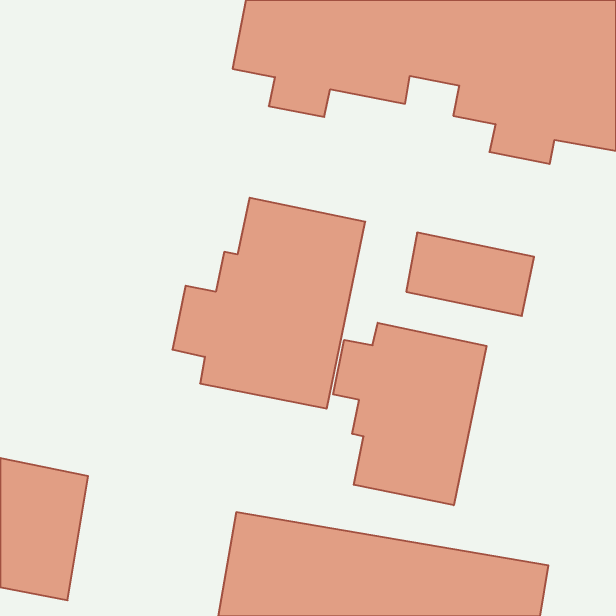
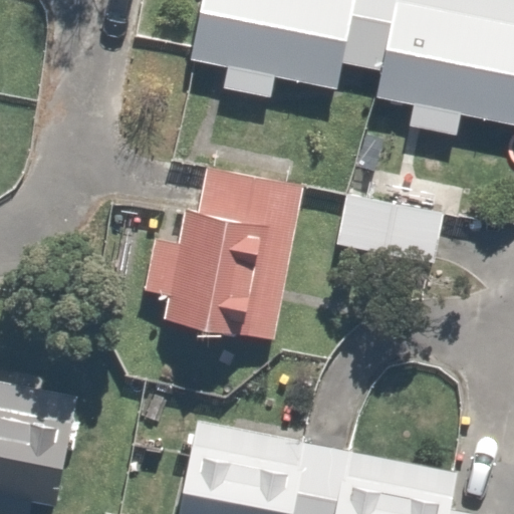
building: [333,323,487,505] -> none

